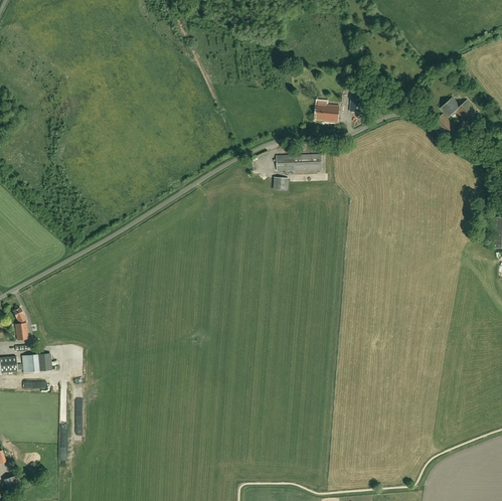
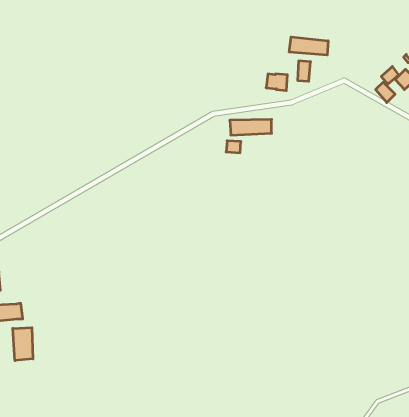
building: none -> [289,37,328,55]
building: none -> [13,328,33,361]

